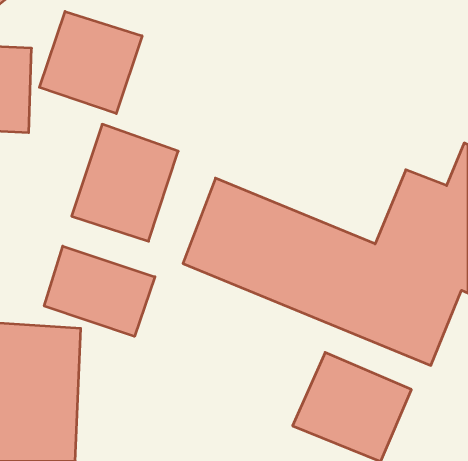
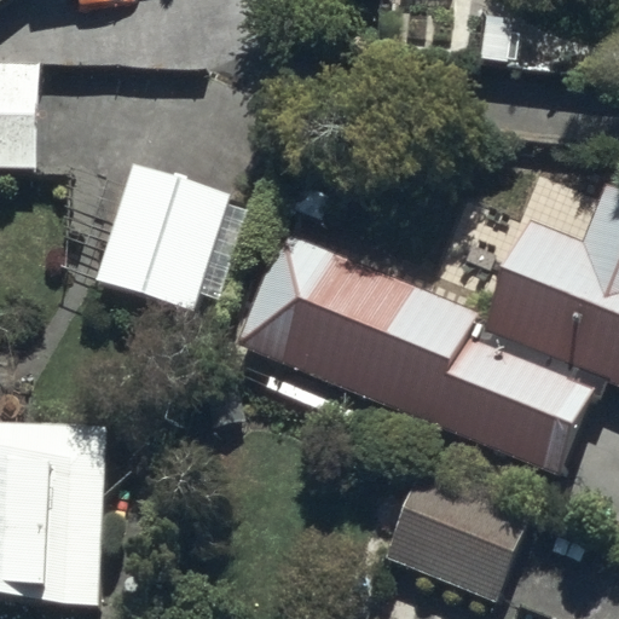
building: [39,11,142,114] -> none
building: [44,246,155,336] -> none

